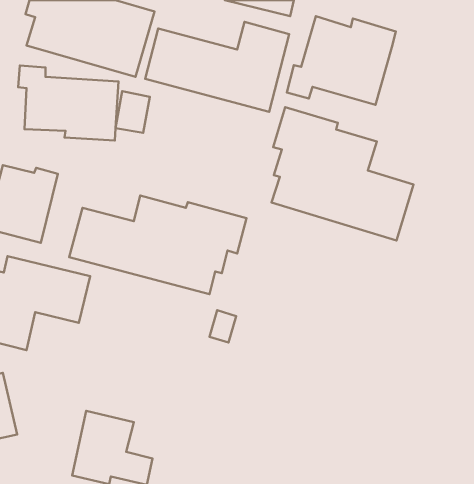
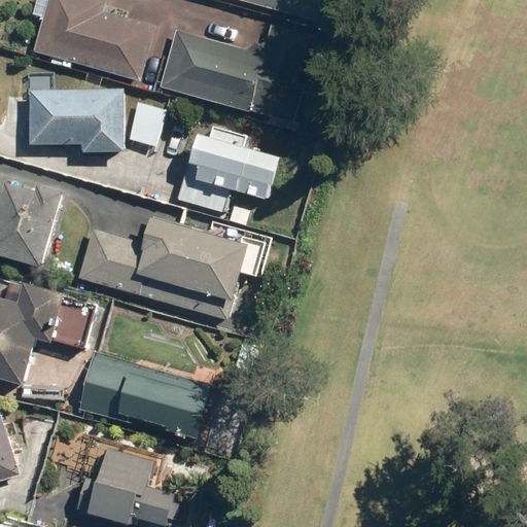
building: [287,16,396,105] -> none
building: [272,107,413,241] -> none
building: none -> [170,130,284,217]
building: none -> [69,353,202,442]

